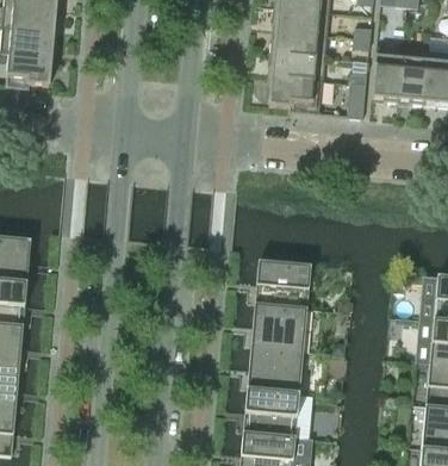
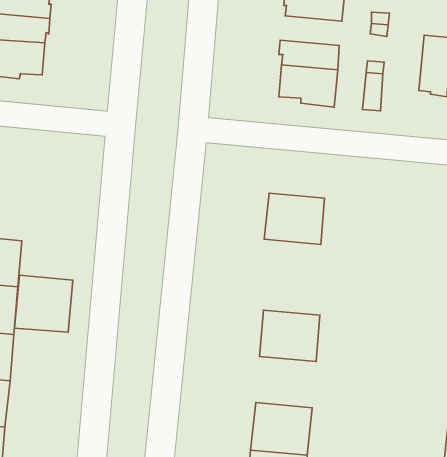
building: [269,30,326,57] -> none
building: [371,45,403,102] -> none
building: [254,260,310,307] -> [264,193,325,244]
building: none -> [15,275,73,332]
building: [247,346,303,393] -> none

